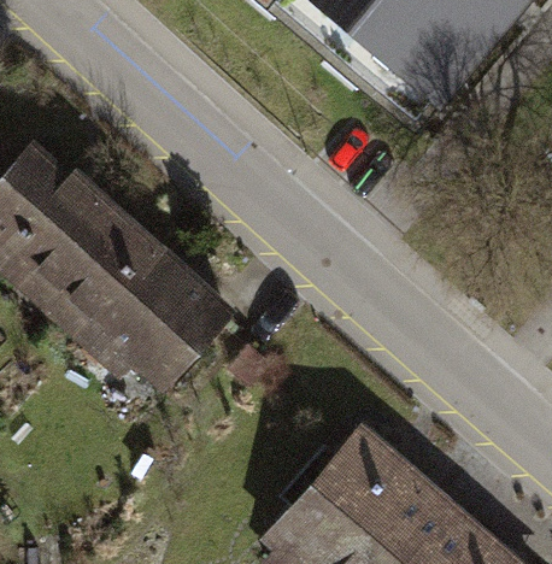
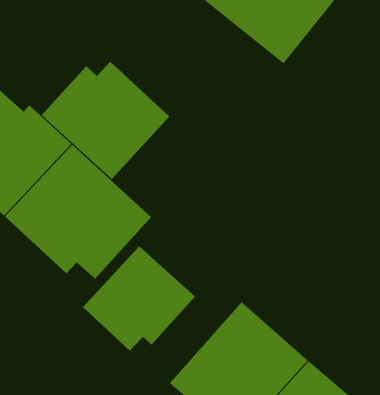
building: none -> [41,61,170,180]
building: none -> [82,245,196,352]

